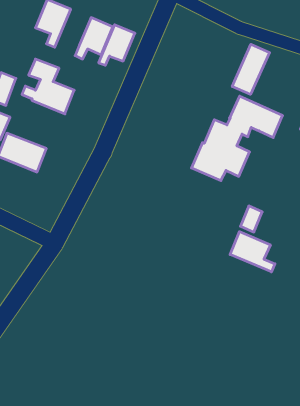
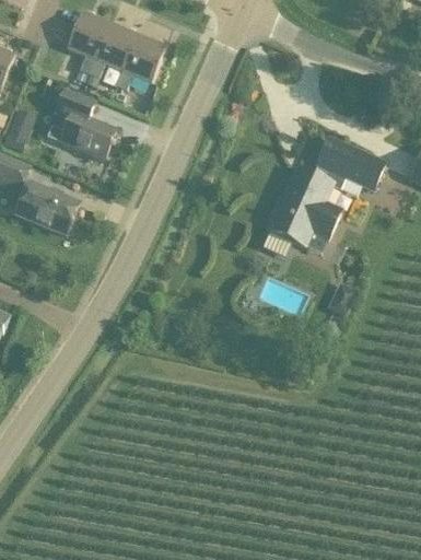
building: [99,25,135,65] -> [90,23,137,75]
building: [232,44,270,94] -> none
building: [230,232,275,272] -> none

